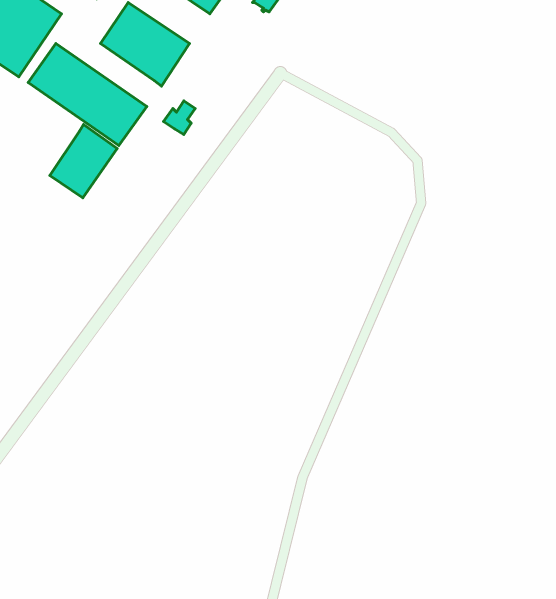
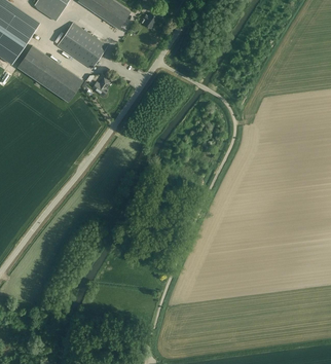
building: [50,125,117,198] -> none

